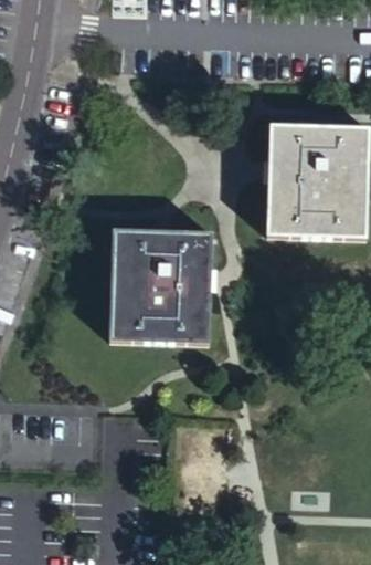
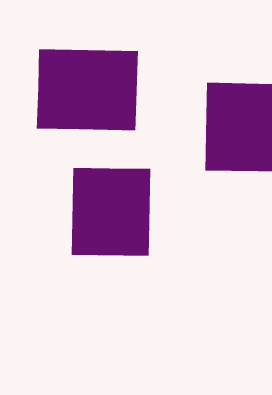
building: none -> [36,48,138,131]

